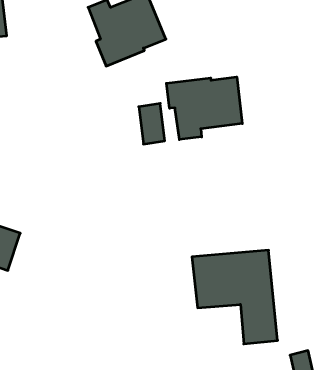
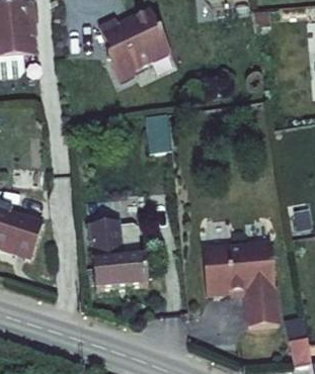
building: [166,77,242,140] -> none
building: none -> [92,218,152,288]

